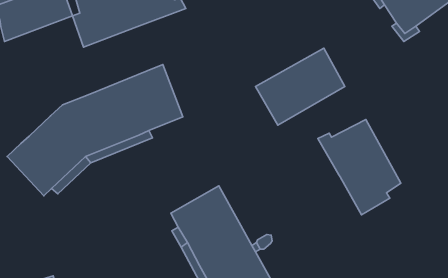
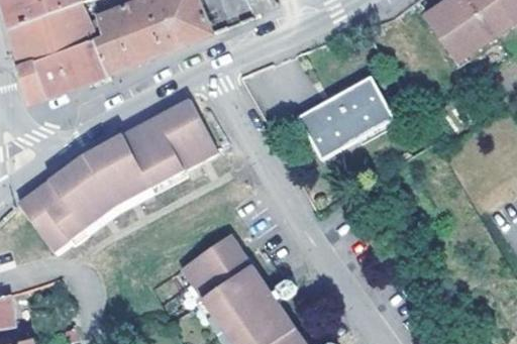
building: none -> [17,42,104,108]
building: [318,120,401,215] -> none

